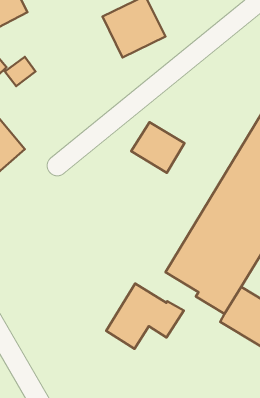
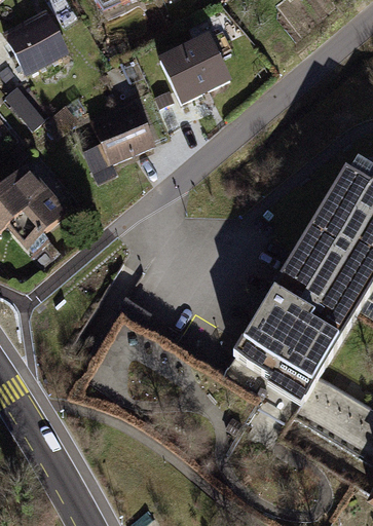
building: none -> [82,98,155,181]
building: [131,122,184,173] -> none
building: [106,283,184,349] -> none

